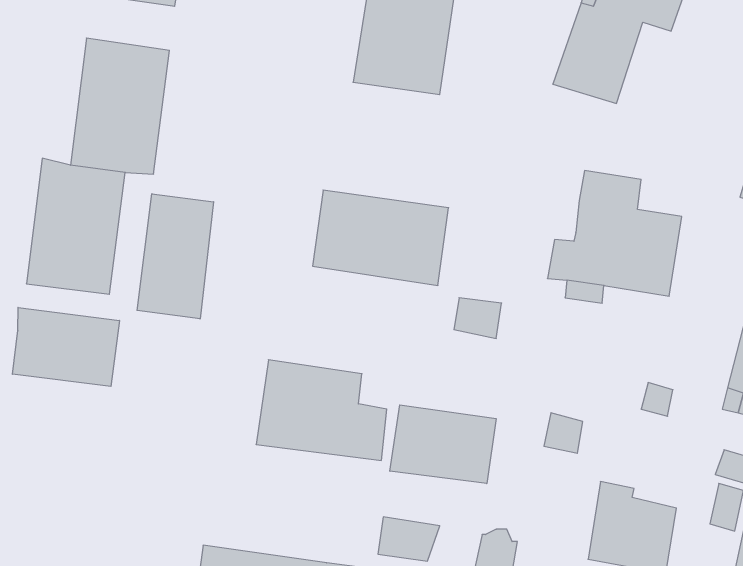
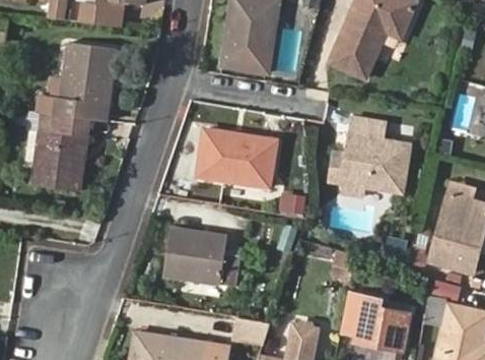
building: [137,194,214,319] -> none
building: [12,307,119,386] -> none
building: [390,405,496,484] -> none

